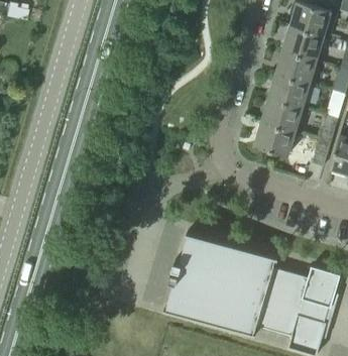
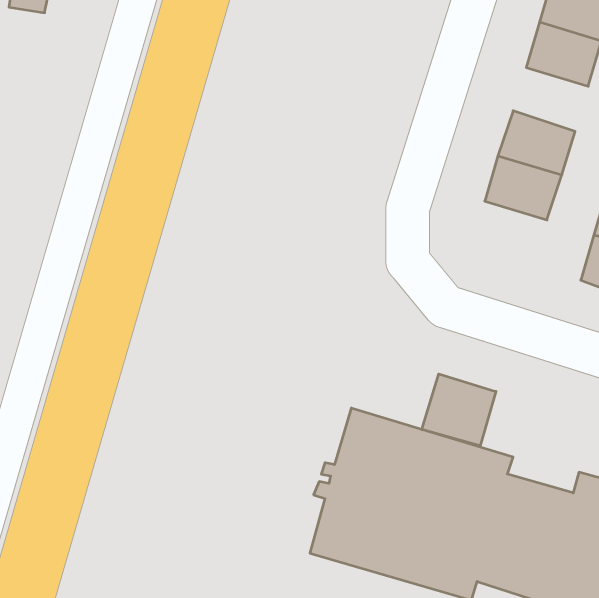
building: [276,48,317,83] -> none
building: [254,120,295,155] -> none
building: none -> [422,374,496,446]

